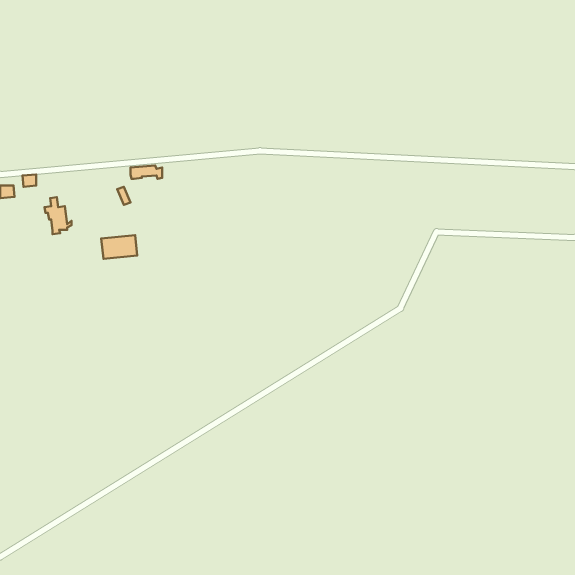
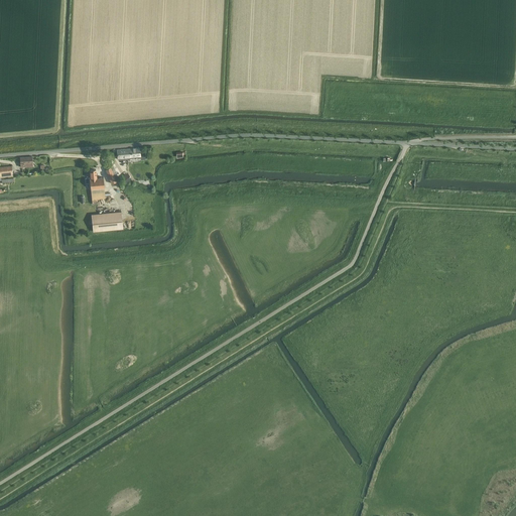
building: [45,197,72,234] -> [85,169,109,203]

